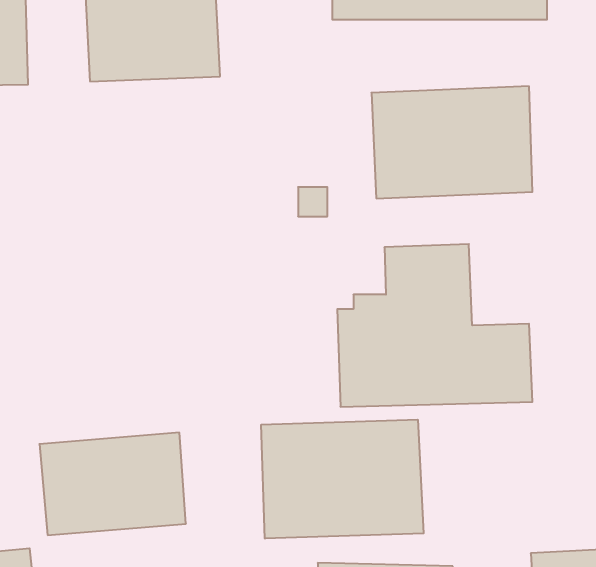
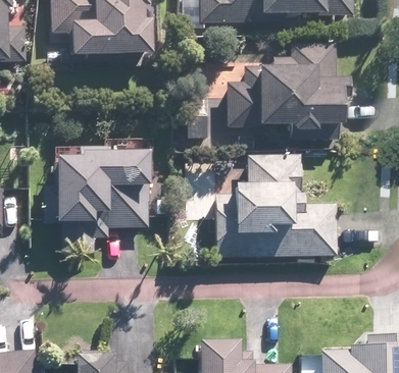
building: [261,420,424,539] -> none
building: [39,433,186,535] -> [52,163,144,227]

